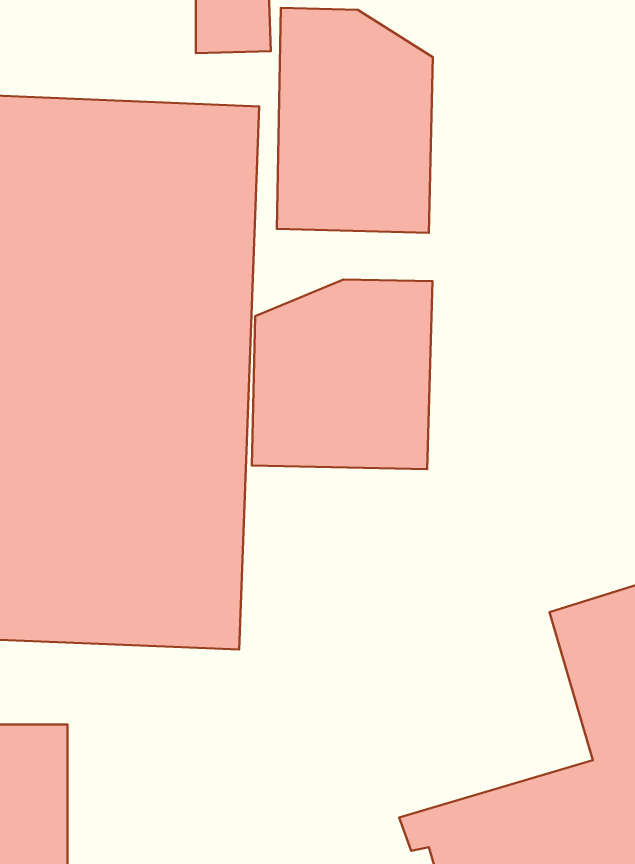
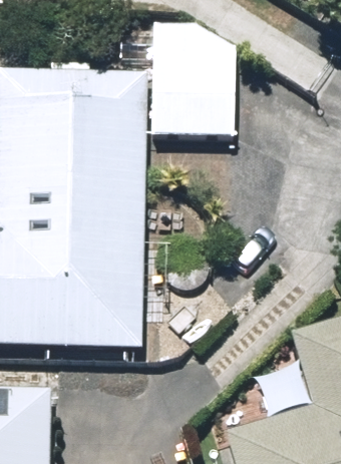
building: [252,279,432,469] -> none

